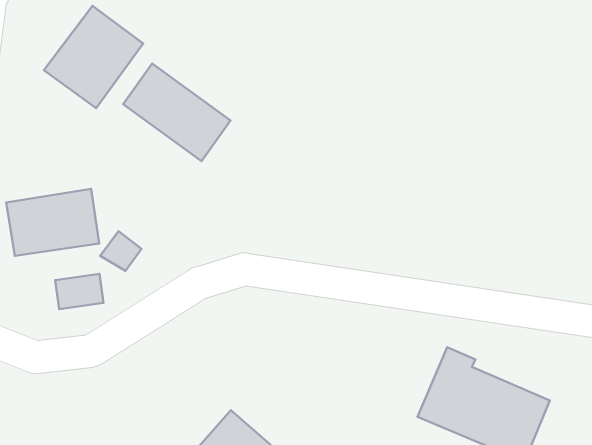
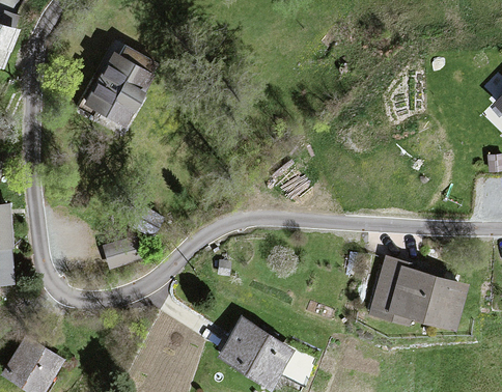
building: [123,63,230,161] -> none
building: [6,189,99,256] -> none

